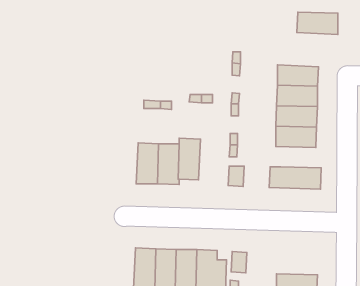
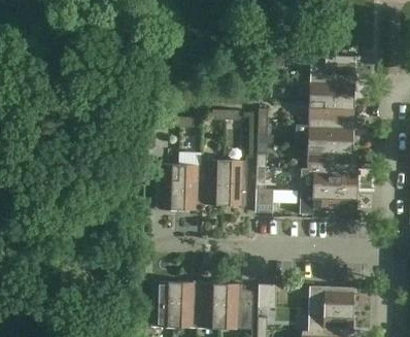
building: [297,12,338,35] -> [310,55,355,79]
building: none -> [223,160,247,206]
building: none -> [301,168,358,192]
building: none -> [309,285,354,310]

